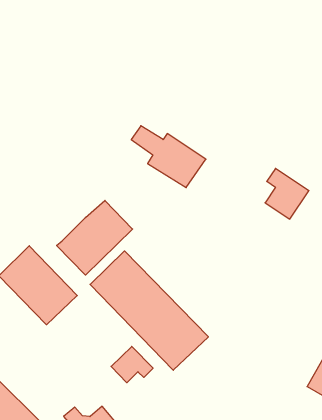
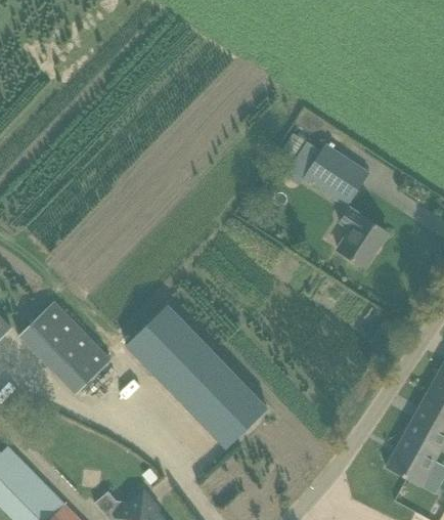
building: [131,126,206,188] -> [280,132,369,206]
building: [57,200,133,275] -> none
building: [111,346,153,383] -> none

